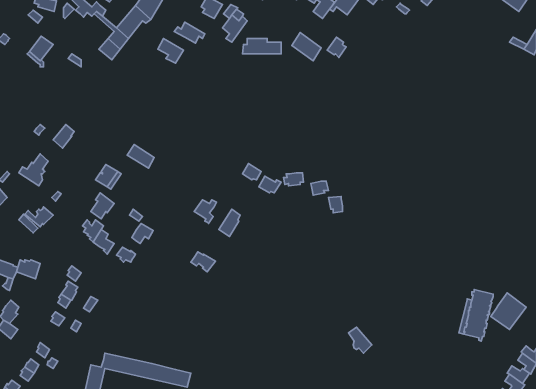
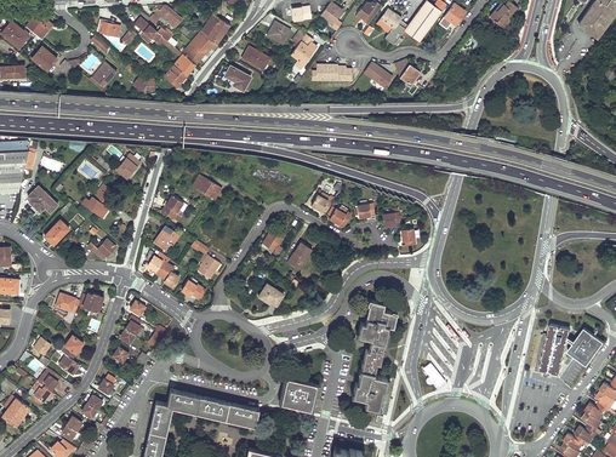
building: none -> [353,301,395,409]
building: none -> [280,377,316,410]

